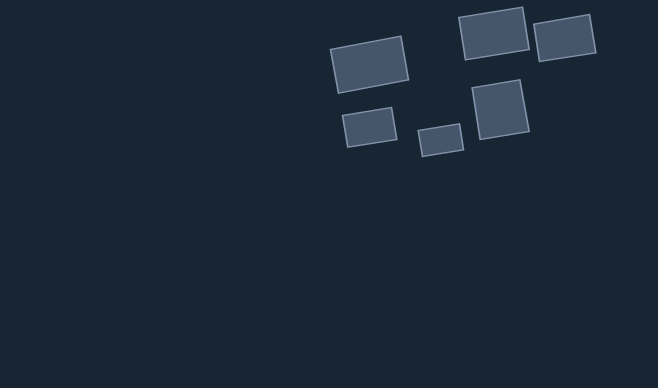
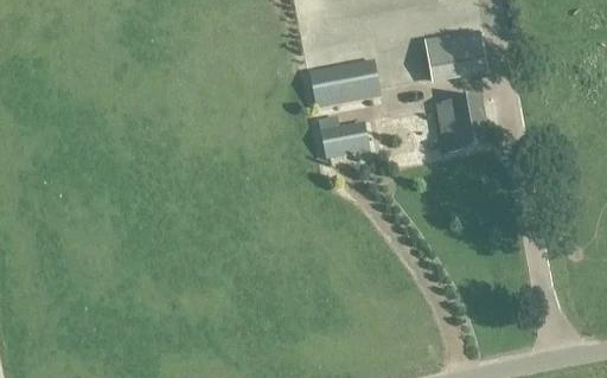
building: [534,15,596,61] -> none
building: [418,124,464,156] -> none

